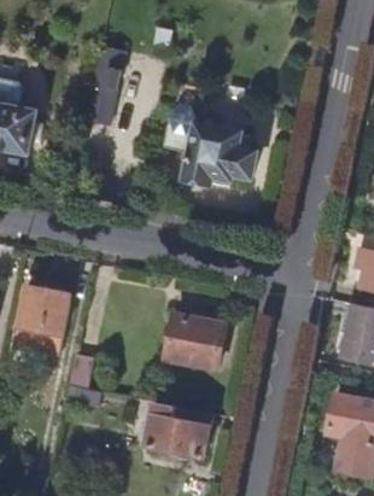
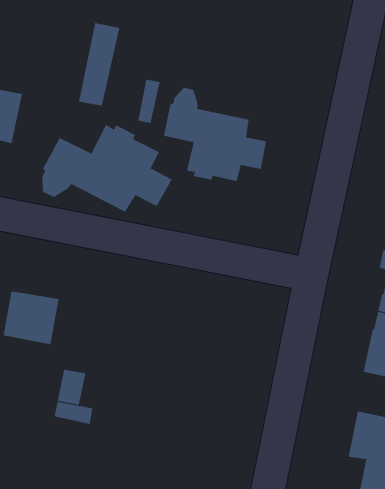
building: none -> [42,124,173,212]
building: [165,314,226,367] -> none
building: [146,401,211,455] -> none

